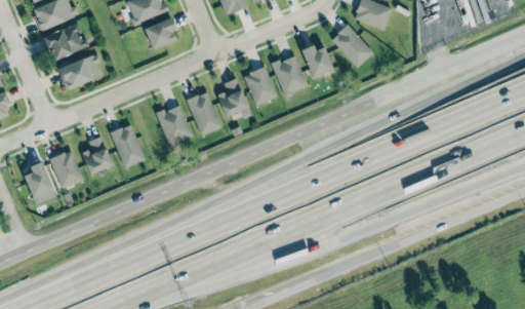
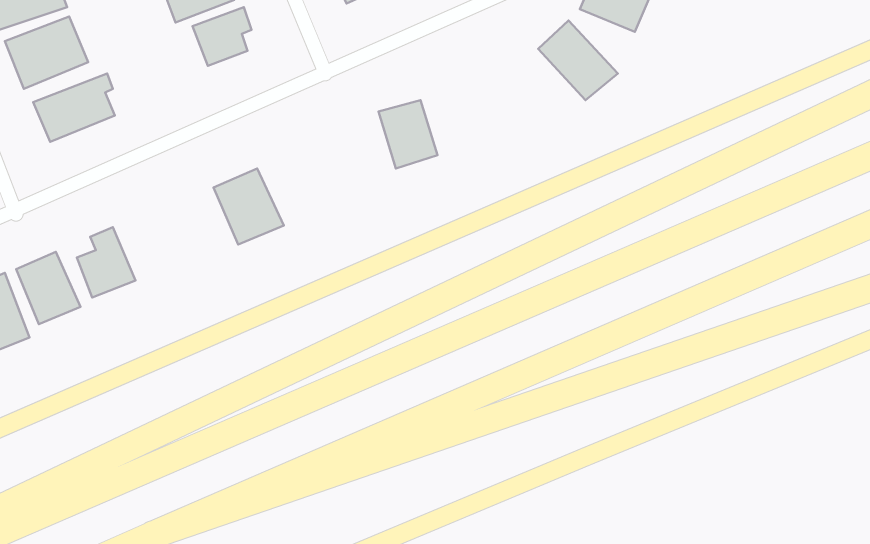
building: [301,45,332,77] -> none
building: [271,55,308,96] -> none
building: [216,78,250,117] -> none
building: [186,91,221,136] -> none
building: [110,124,145,168] -> none

